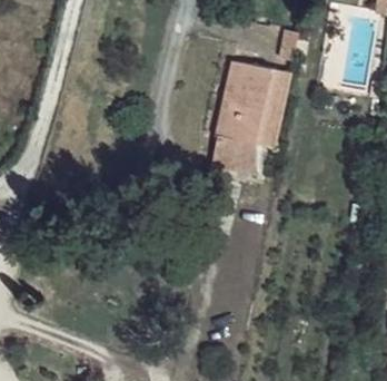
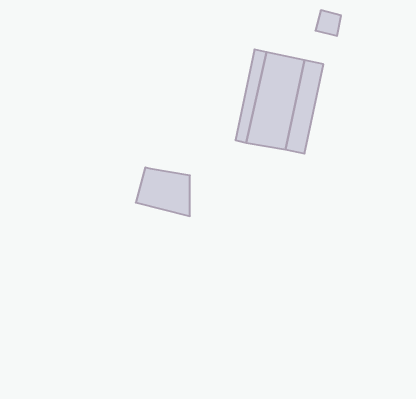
building: [212,137,257,177] -> [136,167,190,216]

